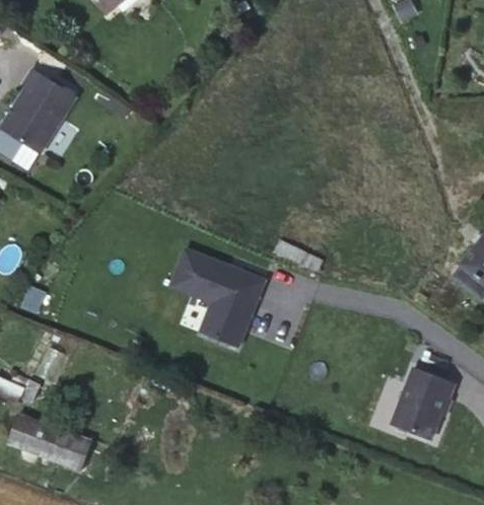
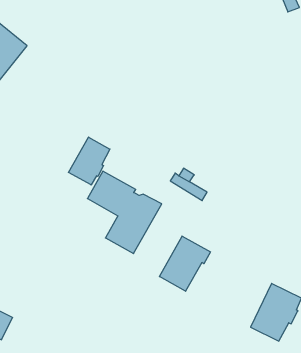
building: none -> [68,137,110,185]
building: none -> [159,236,210,291]

